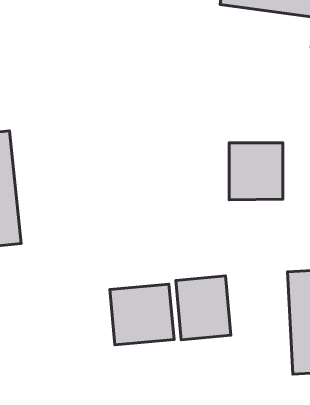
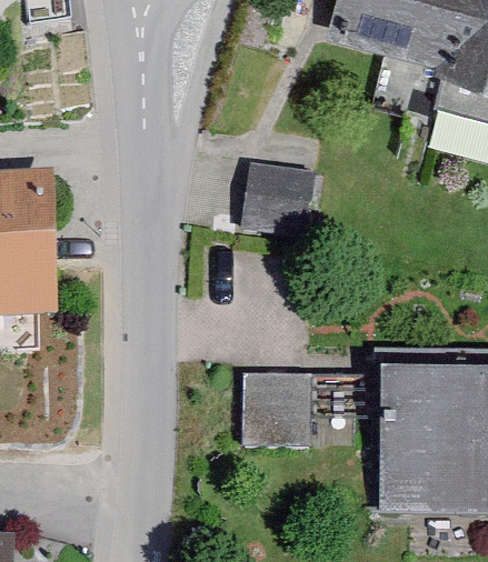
building: [229,143,283,200] -> [239,161,311,237]
building: [110,284,174,345] -> none

